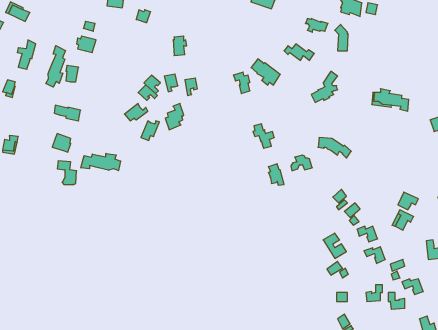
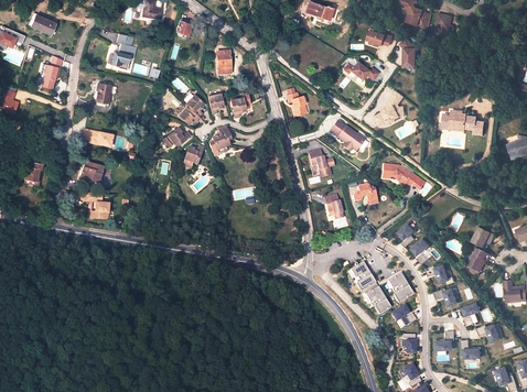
building: [46,46,65,87] -> none
building: [251,59,280,85] -> [329,121,362,151]
building: [81,153,121,171] -> none
building: none -> [349,262,390,313]

